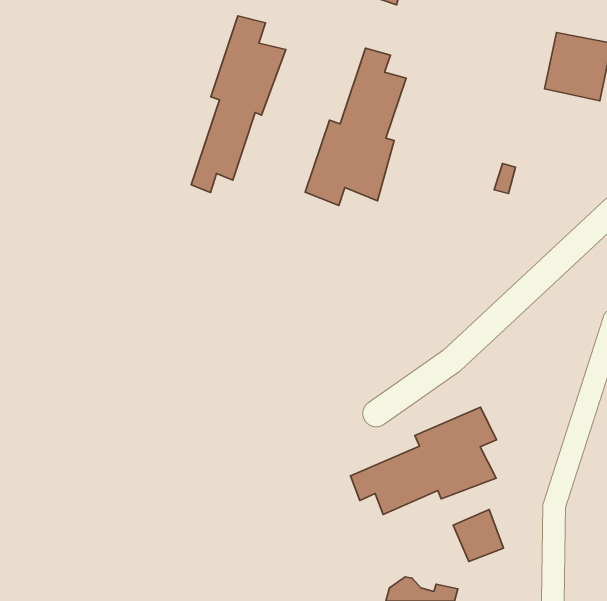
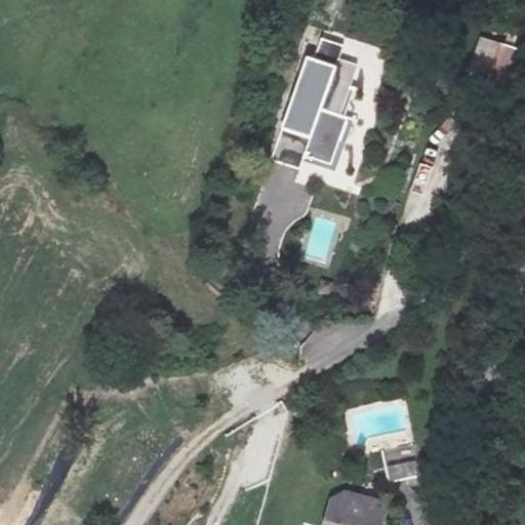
building: [191,16,286,193] -> none
building: [350,407,497,515] -> none

